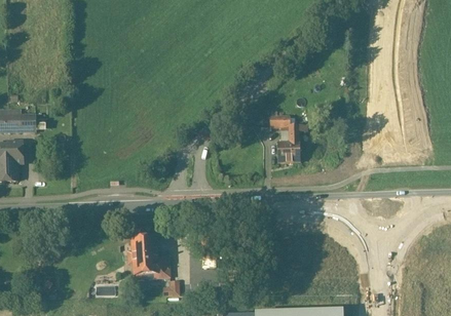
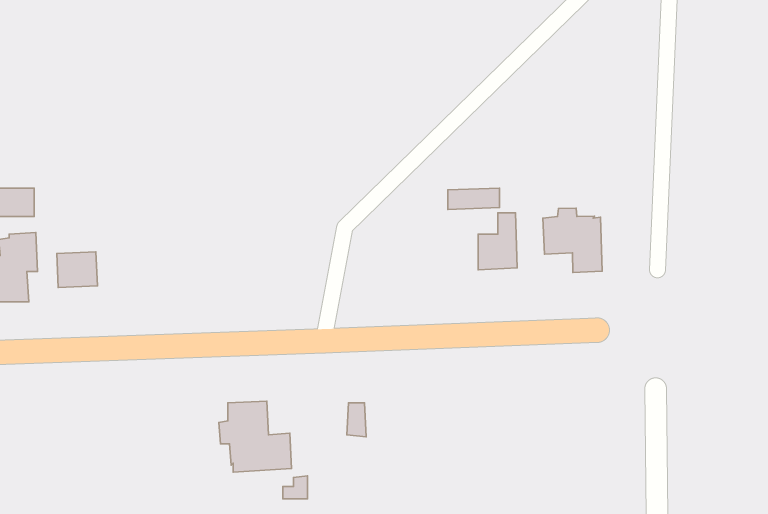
building: none -> [543,208,602,273]
building: none -> [57,252,97,288]

